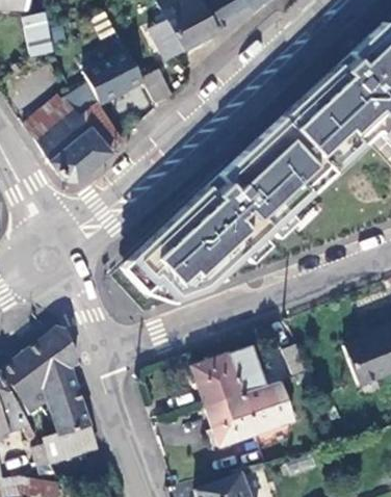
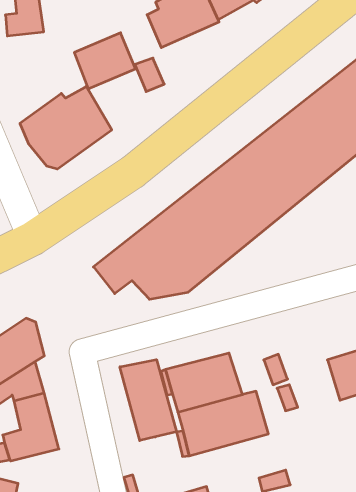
building: [25,79,97,141] -> none
building: none -> [120,360,176,441]

